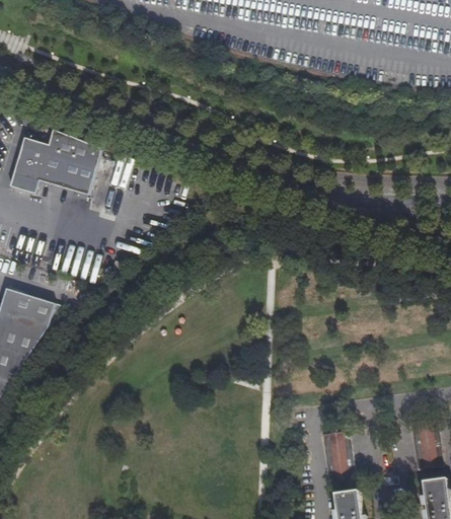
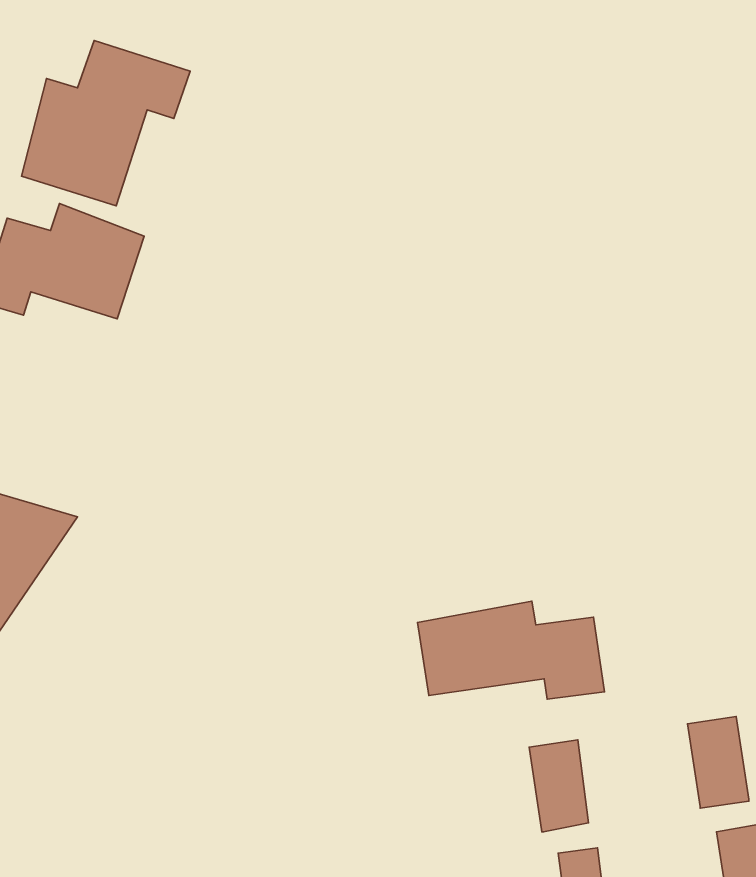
building: none -> [22,40,190,206]
building: none -> [417,601,604,699]

